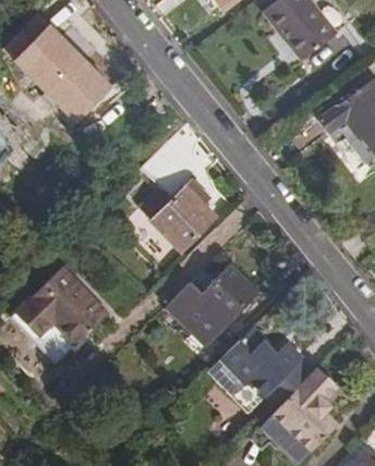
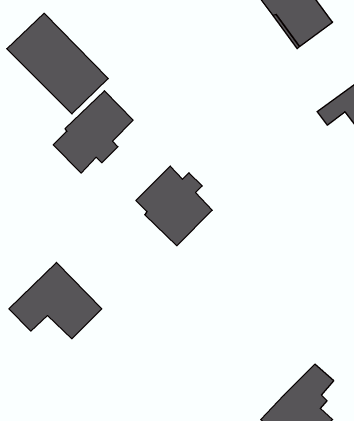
building: none -> [53,91,133,173]
building: [169,266,256,343] -> none
building: [222,330,305,400] -> none

